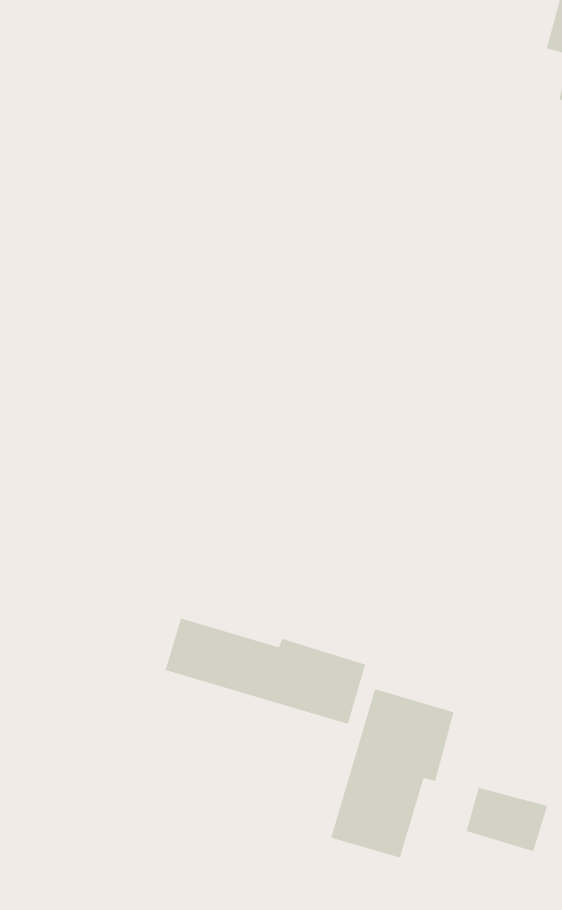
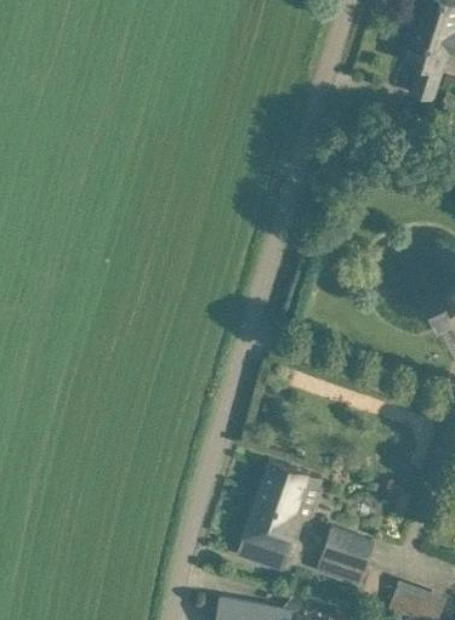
building: [164,618,366,725] -> none

